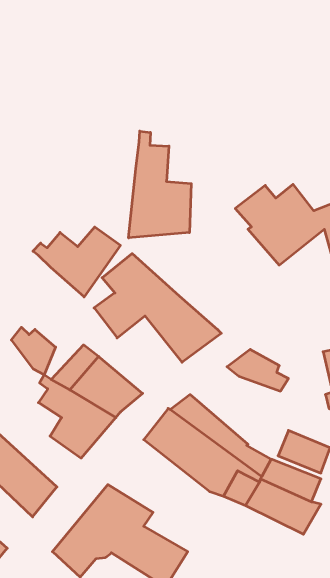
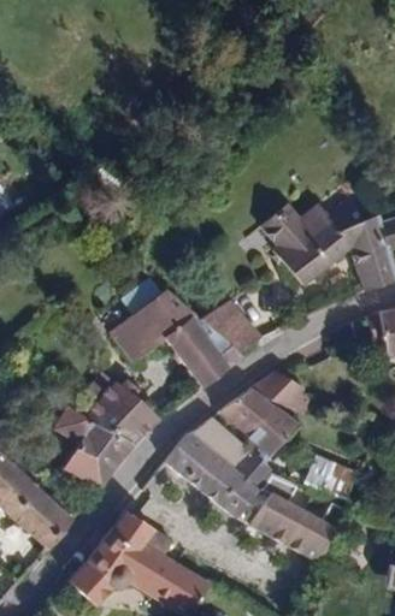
building: [129,131,191,238] -> none
building: [33,227,120,297] -> none
building: none -> [200,301,260,353]
building: [11,327,56,375] -> none
building: none -> [219,391,296,457]

